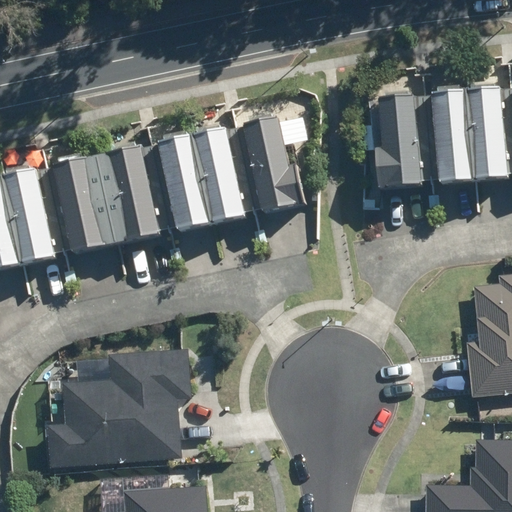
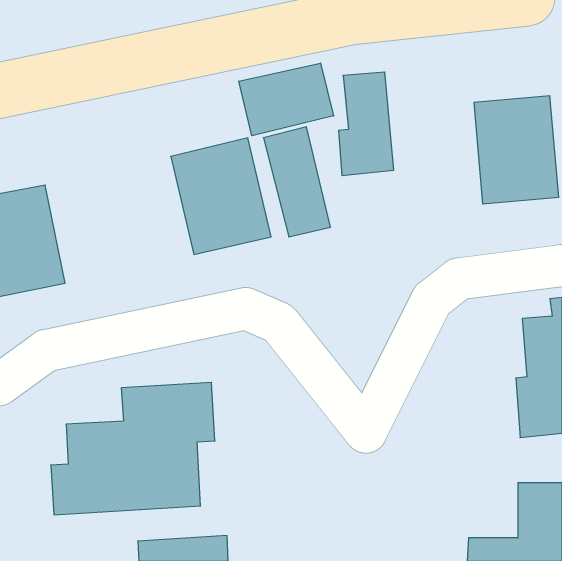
building: none -> [239,63,334,136]
building: [374,96,424,190] -> [339,72,394,176]
building: [54,146,161,254] -> none

